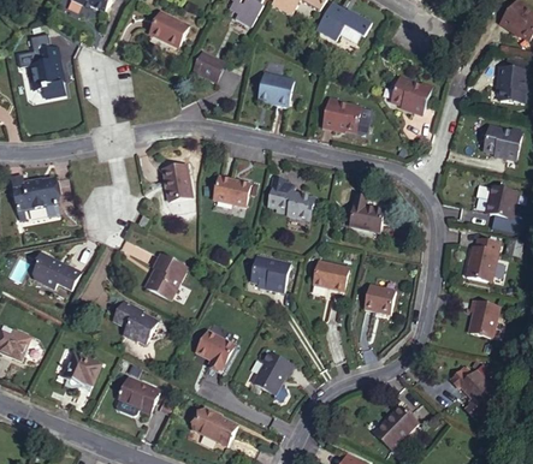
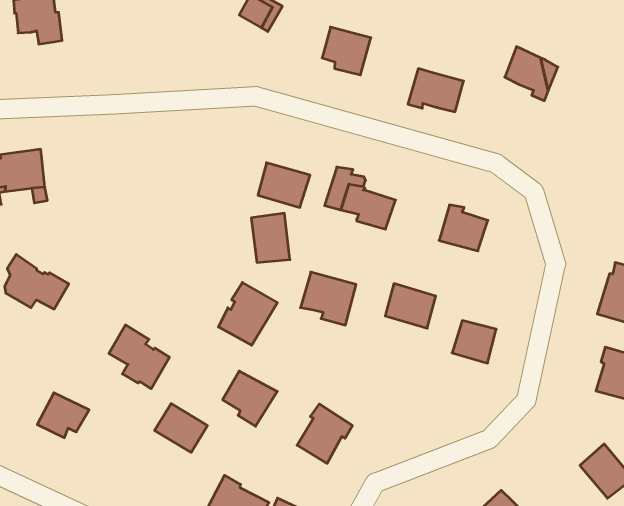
building: [160,165,190,202] -> [251,213,290,262]
building: [143,254,185,299] -> [218,282,277,345]
building: [119,377,158,412] -> [155,404,207,452]

